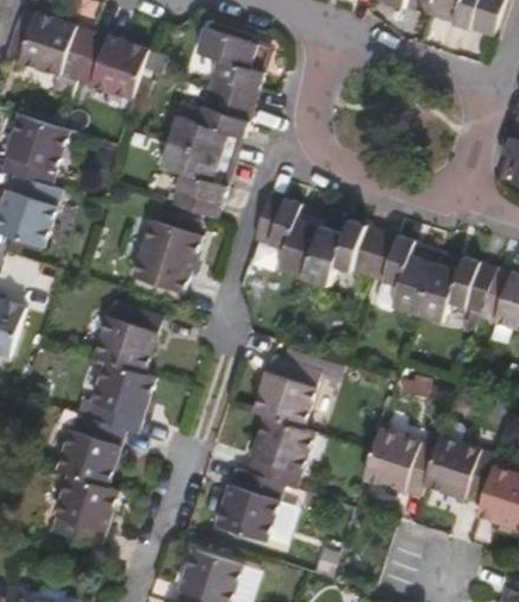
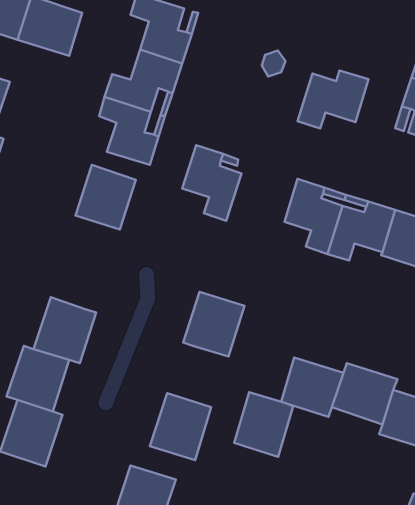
building: [302,222,381,287] -> [297,70,368,129]
building: [96,302,164,376] -> none
building: [249,416,314,488] -> [234,392,293,457]

